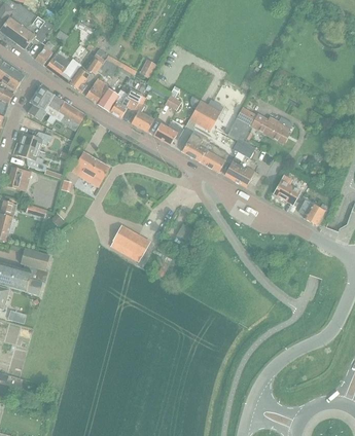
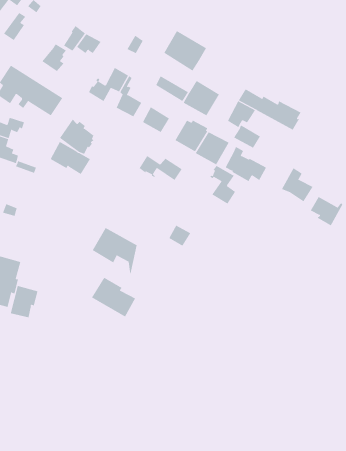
building: [45,51,80,82] -> none
building: none -> [164,30,207,71]
building: [85,78,115,109] -> [59,119,94,155]
building: none -> [139,155,182,181]
building: none -> [210,165,236,205]
building: none -> [91,277,136,318]
building: none -> [10,285,38,318]

